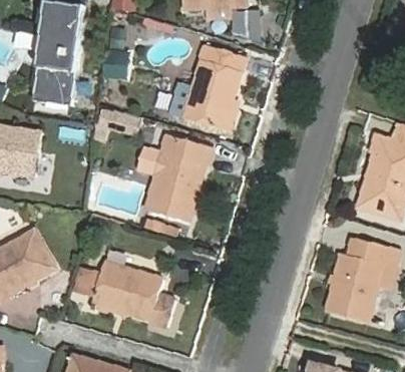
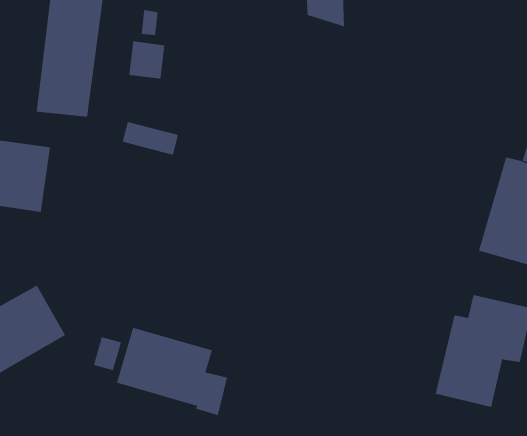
building: [169,45,244,130] -> none
building: [134,134,210,222] -> none

